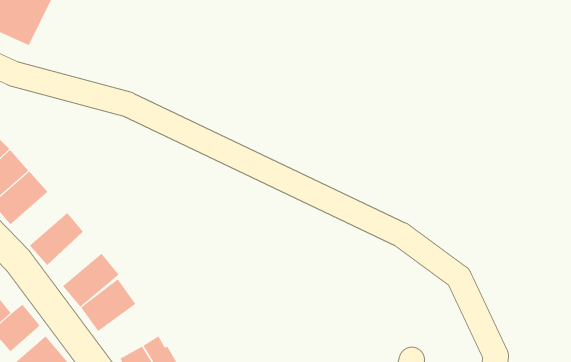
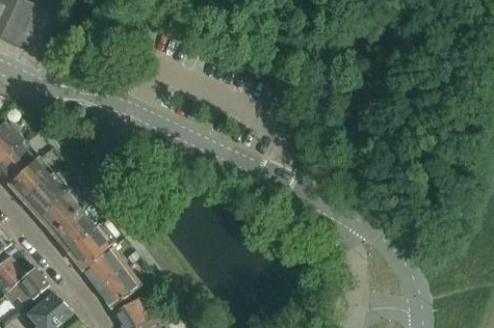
building: none -> [23,174,70,218]
building: none -> [53,207,98,251]
building: none -> [95,266,140,307]

